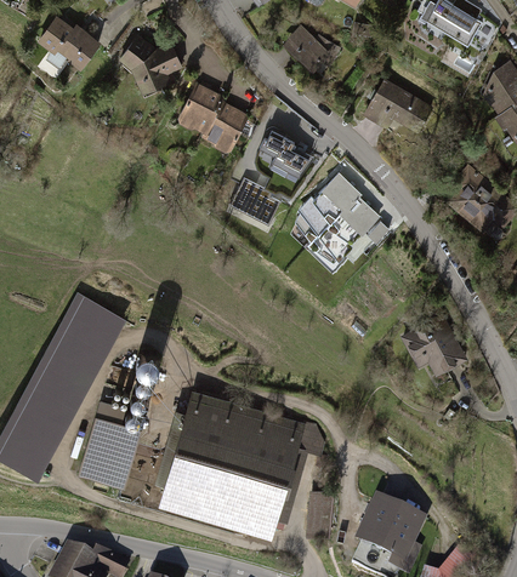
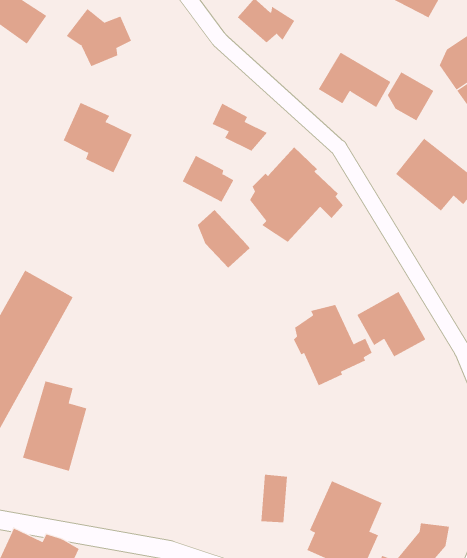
building: [178,84,246,153] -> [63,102,133,173]
building: none -> [387,71,434,121]
building: none -> [197,209,251,269]
building: none -> [293,304,373,386]
building: [158,389,325,539] -> none

